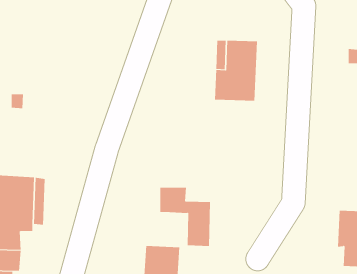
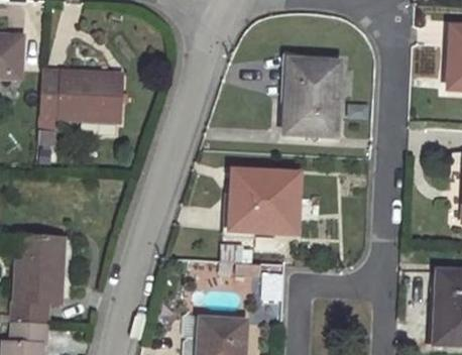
building: none -> [47,61,121,122]
building: none -> [227,176,297,234]

